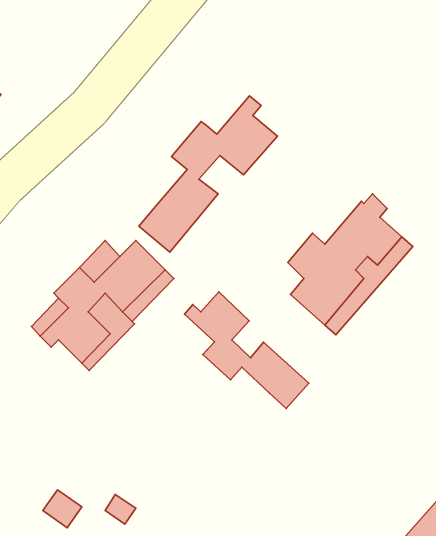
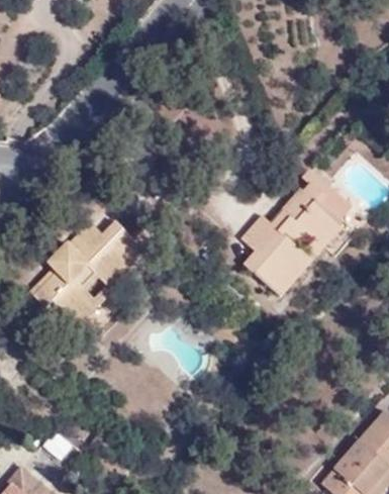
building: [139,96,277,252] -> none
building: [184,292,309,408] -> none

